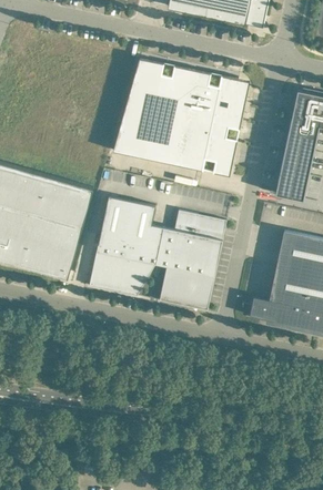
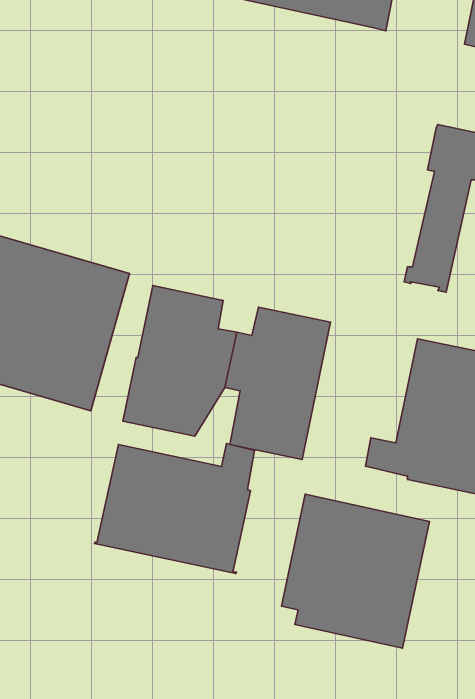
building: [112,58,249,176] -> none
building: none -> [95,444,254,574]
building: none -> [282,494,429,648]

